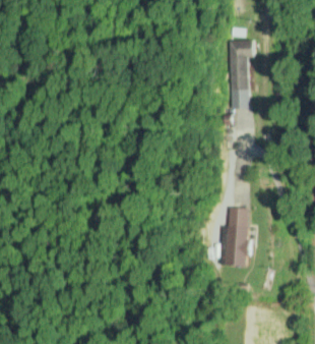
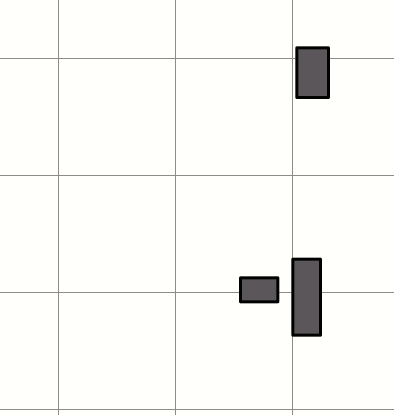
building: none -> [240,278,278,302]

